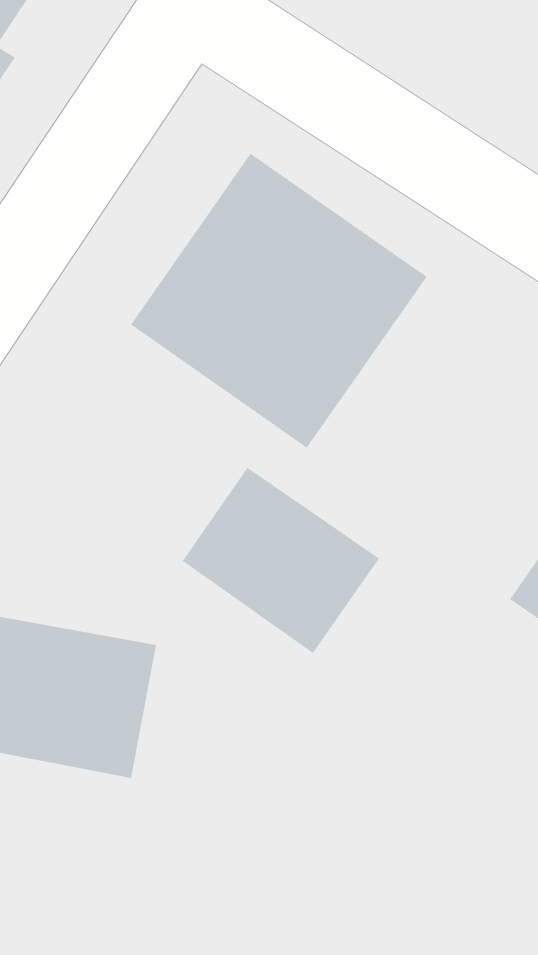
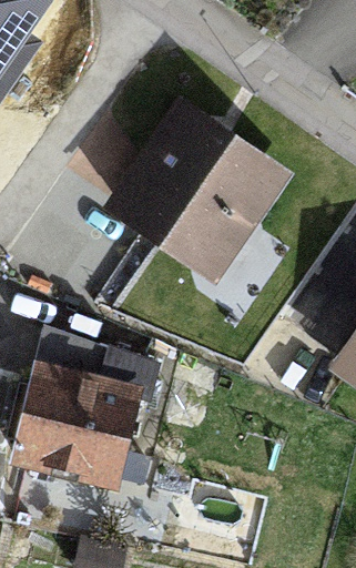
building: [182,467,380,654] -> none

